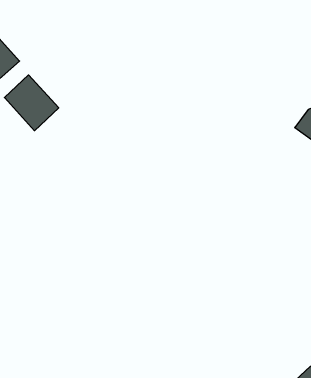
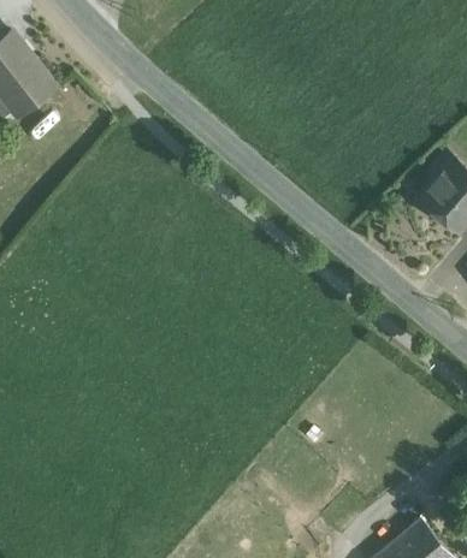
building: [4,75,59,131] -> none

